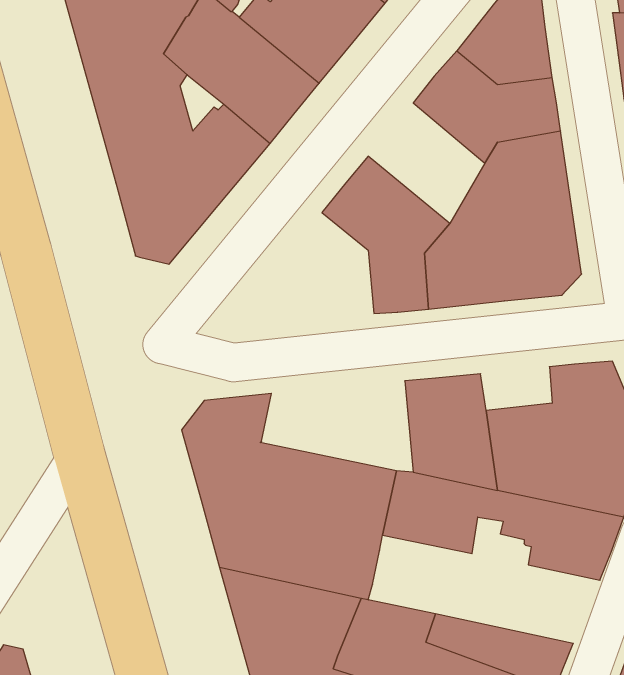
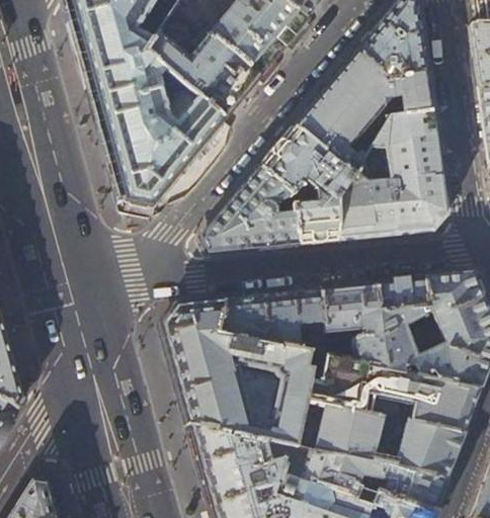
building: none -> [298,88,382,175]
building: none -> [206,167,302,249]
building: none -> [379,278,430,310]
building: none -> [220,288,330,354]
building: none -> [298,400,465,478]

